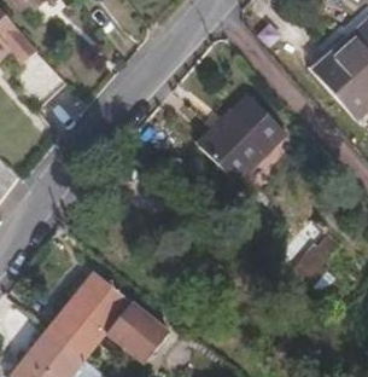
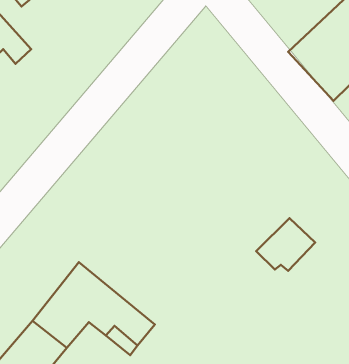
building: [197,93,281,178] -> none

